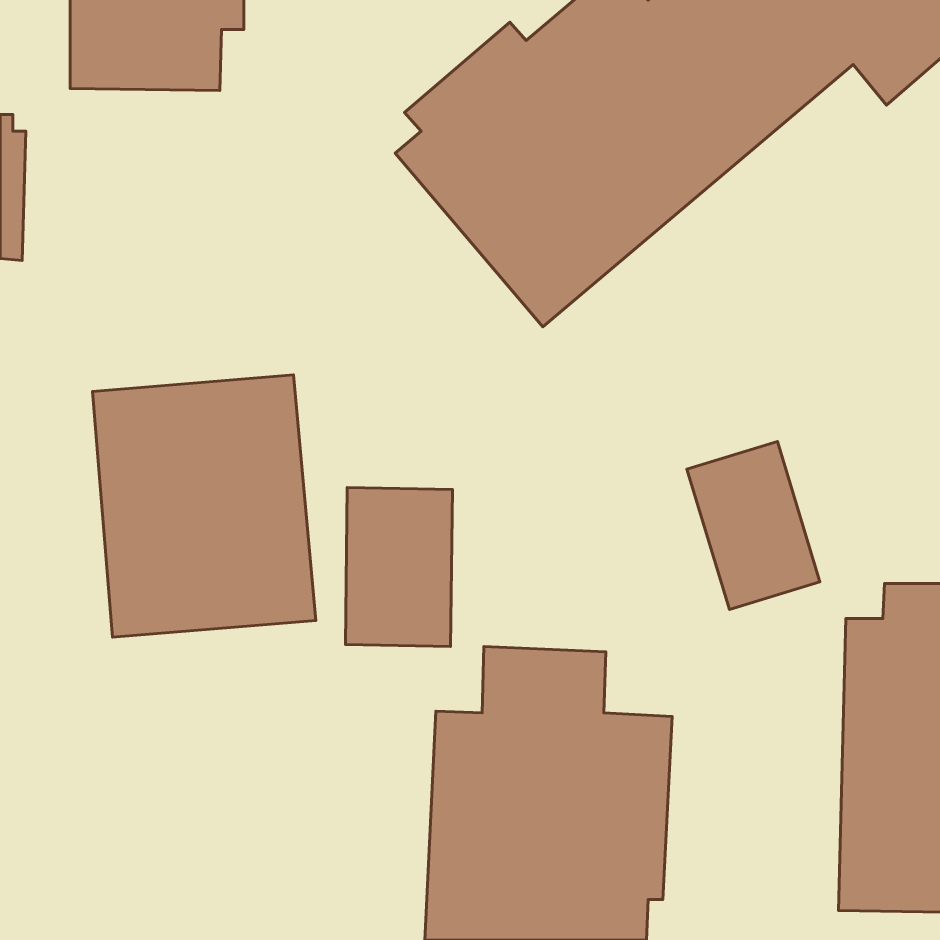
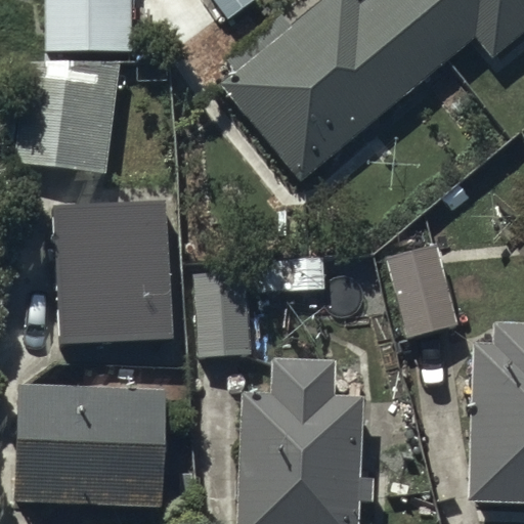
building: none -> [16,63,116,186]
building: none -> [12,381,169,506]

